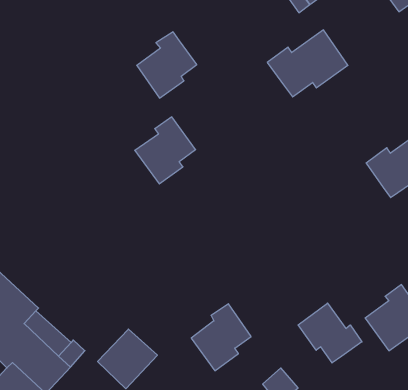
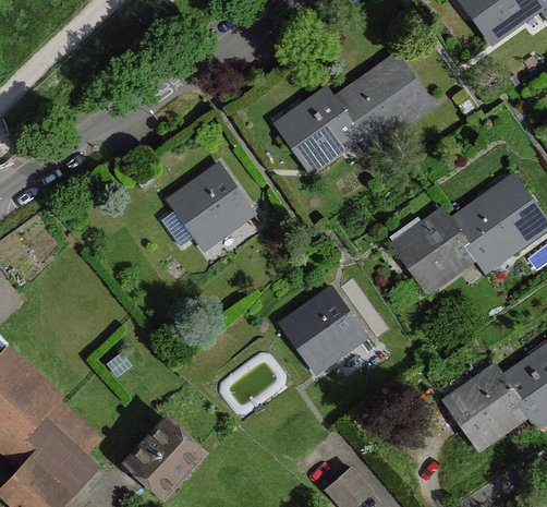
building: [137,32,197,98] -> [281,89,353,169]
building: none -> [399,210,472,290]
building: [298,303,362,363] -> none
building: [191,304,251,371] -> [287,289,358,370]

